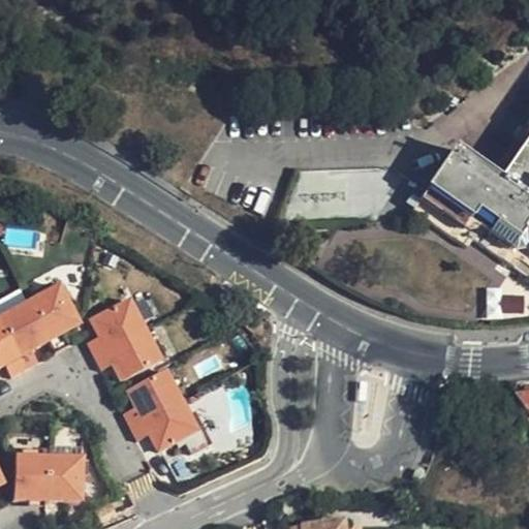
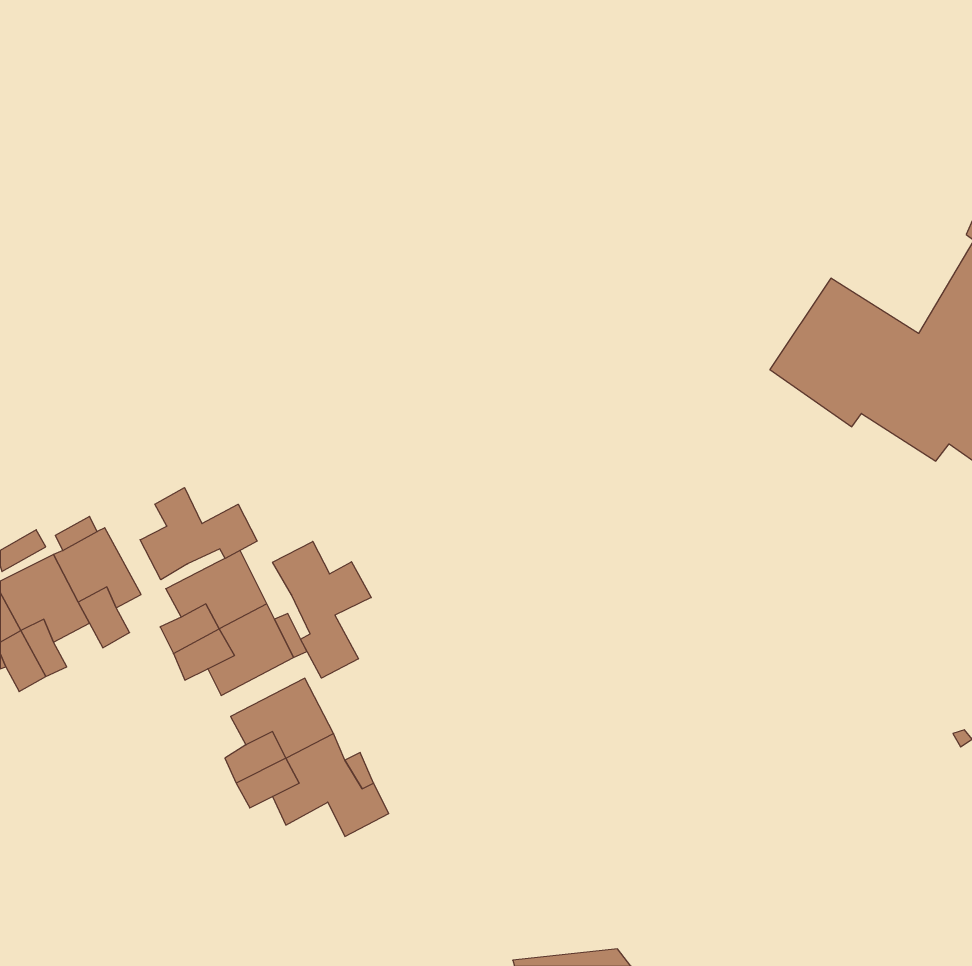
building: none -> [140,488,257,580]
building: none -> [273,541,371,678]
building: [15,452,85,505] -> none

